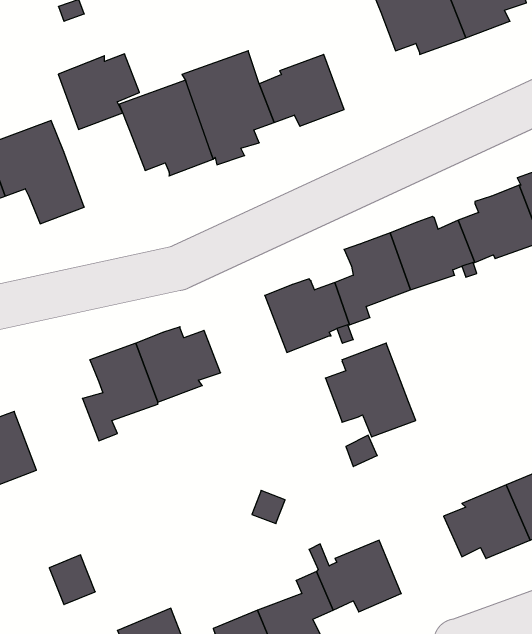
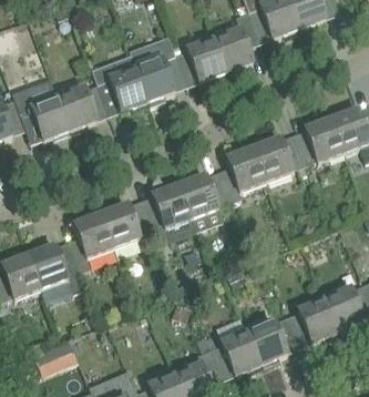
building: none -> [214,12,257,71]
building: [58,54,139,129] -> [58,84,106,130]
building: [325,343,416,437] -> [142,183,196,240]
building: none -> [28,243,84,292]
building: none -> [247,316,297,363]

